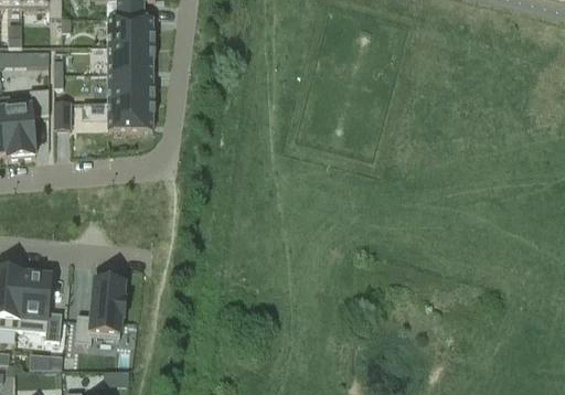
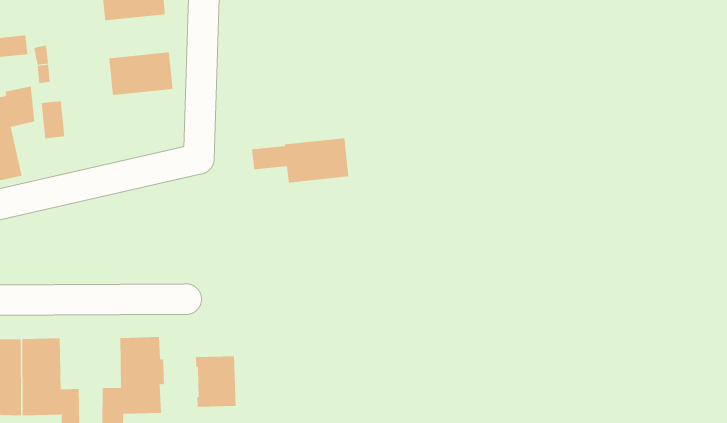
building: [107,43,152,71] -> none
building: [83,98,152,127] -> [251,138,349,183]
building: none -> [196,355,236,408]

